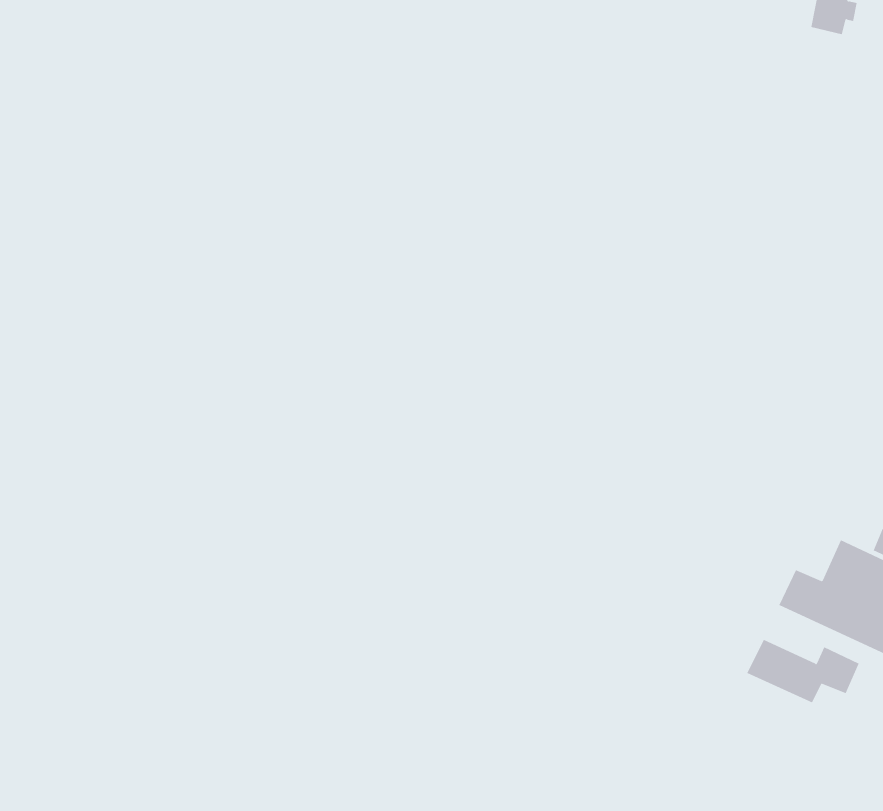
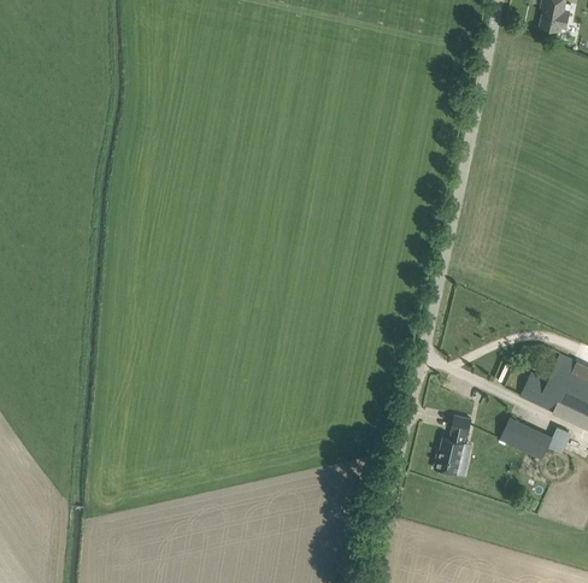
building: none -> [434,416,472,475]

